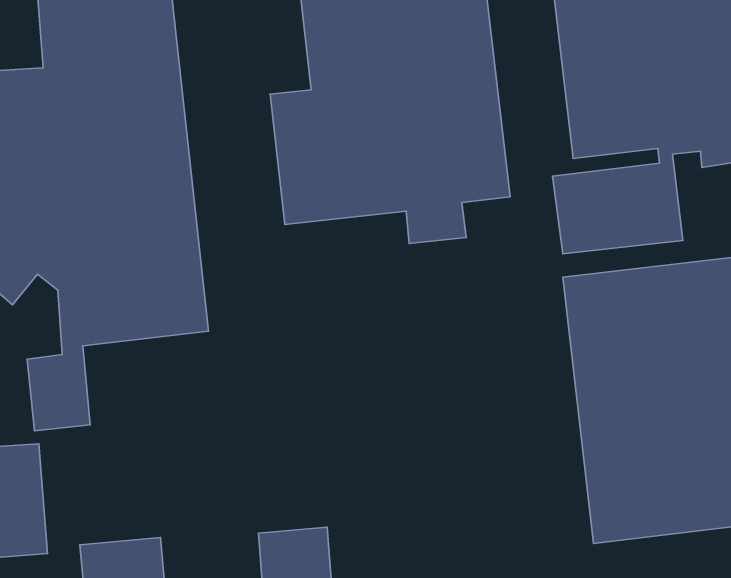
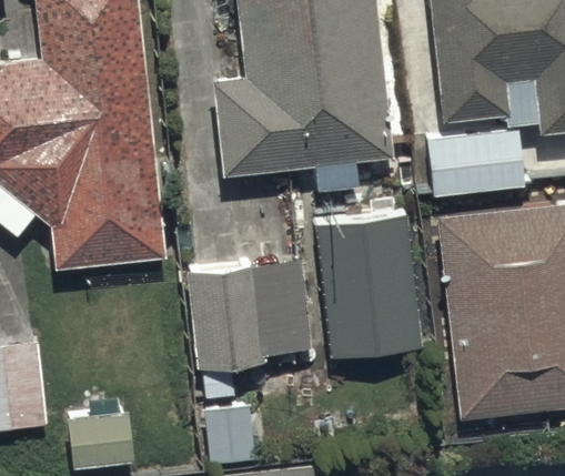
building: none -> [314,212,423,361]
building: none -> [188,264,312,399]

